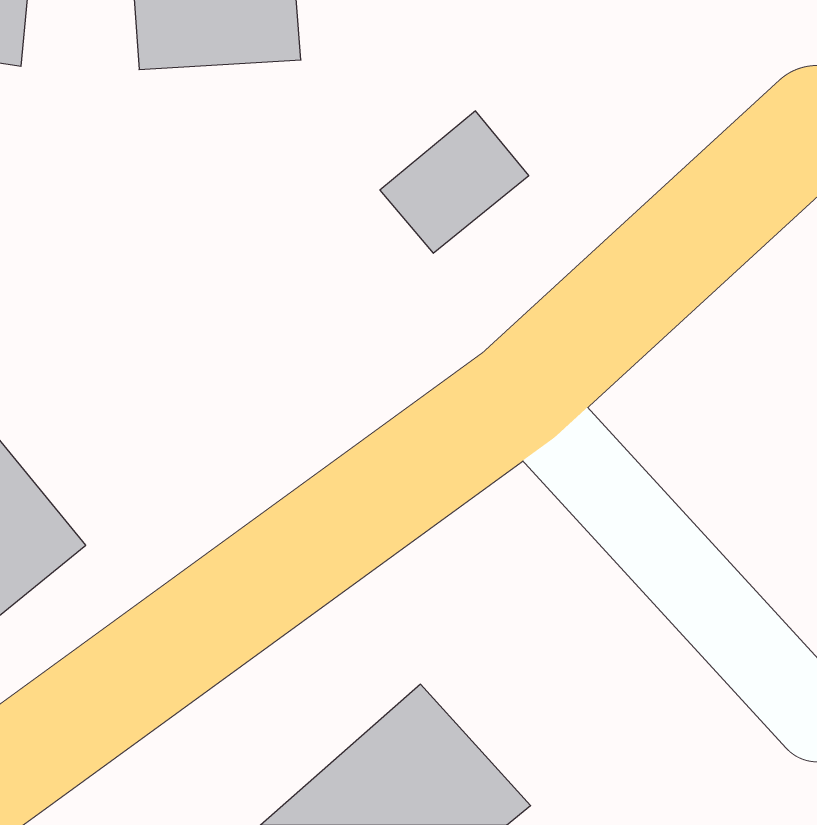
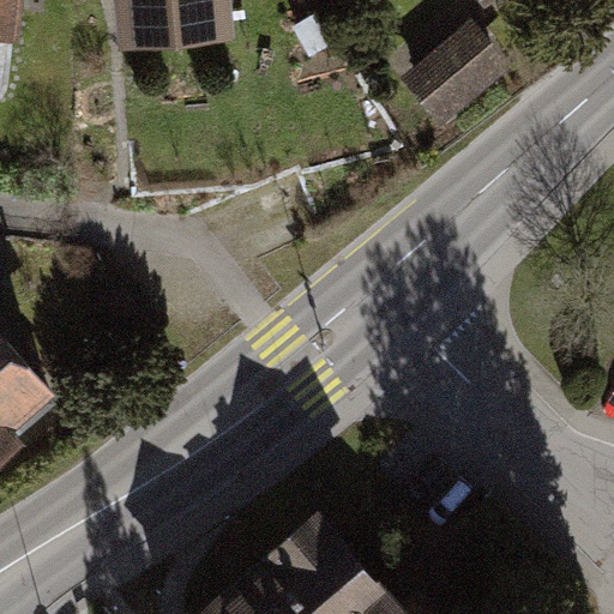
building: [380,111,529,253] -> [399,20,510,126]

